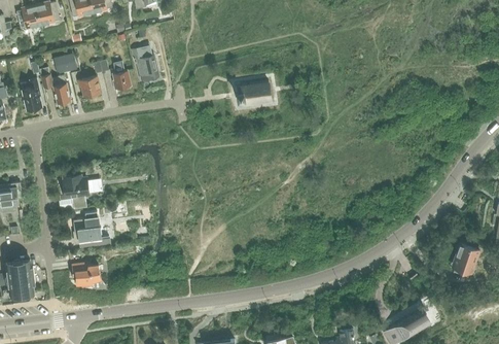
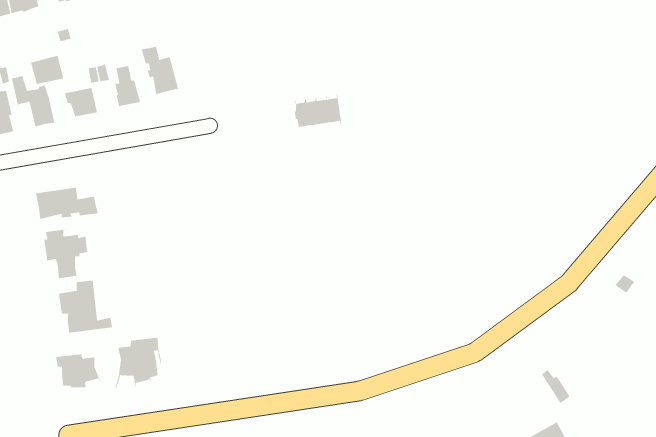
building: none -> [35,187,99,220]
building: [451,242,480,274] -> none
building: none -> [115,337,162,389]

